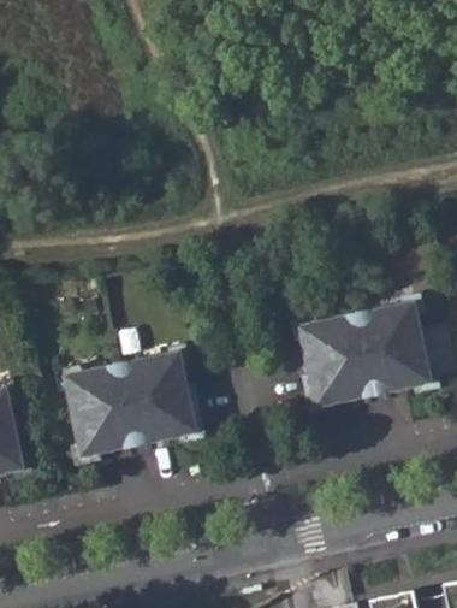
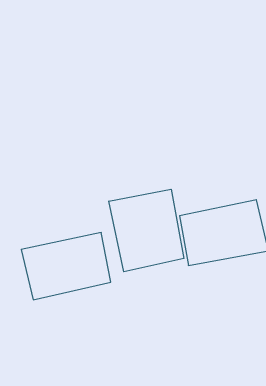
building: none -> [109,189,184,272]

